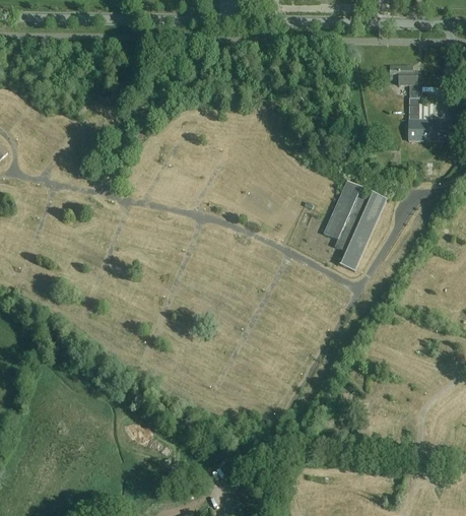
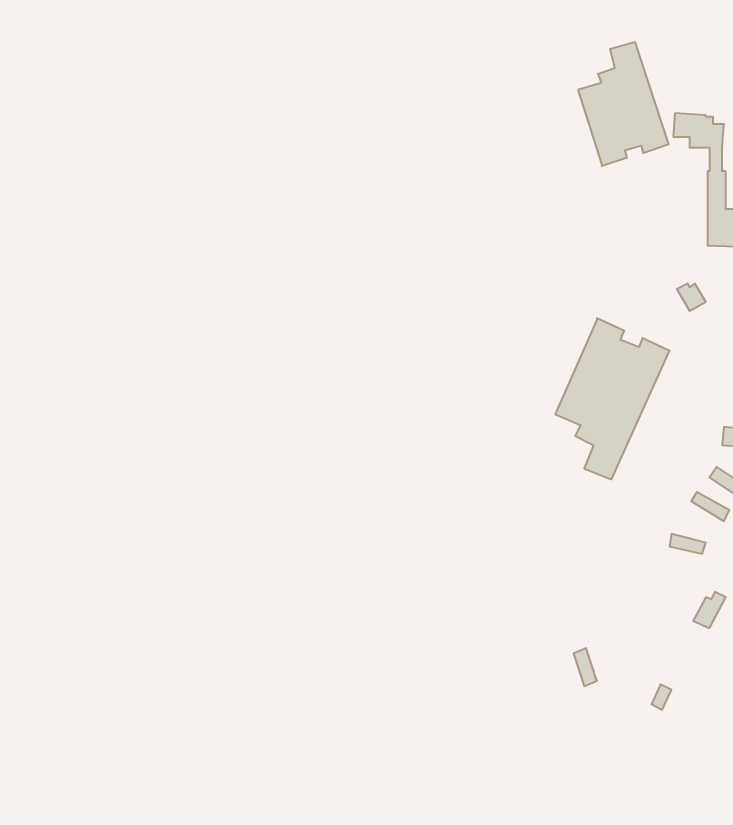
building: none -> [578,42,668,166]

